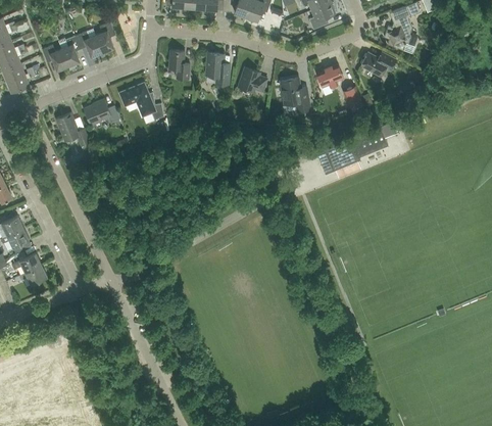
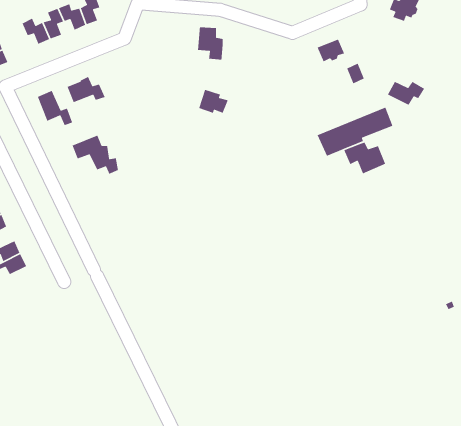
building: [168,50,190,80] -> none
building: [360,53,396,77] -> [387,81,425,106]
building: [239,68,267,92] -> [198,89,229,114]
building: [282,79,310,112] -> none
building: [119,83,163,121] -> [72,134,119,175]
building: none -> [343,142,386,174]

